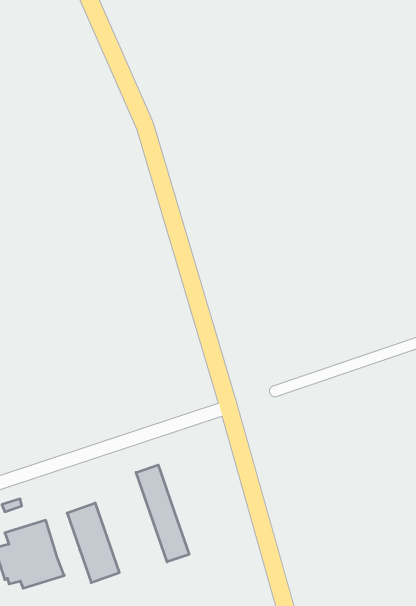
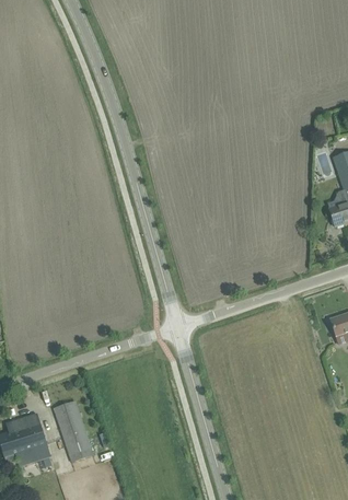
building: [136,465,189,562] -> none

